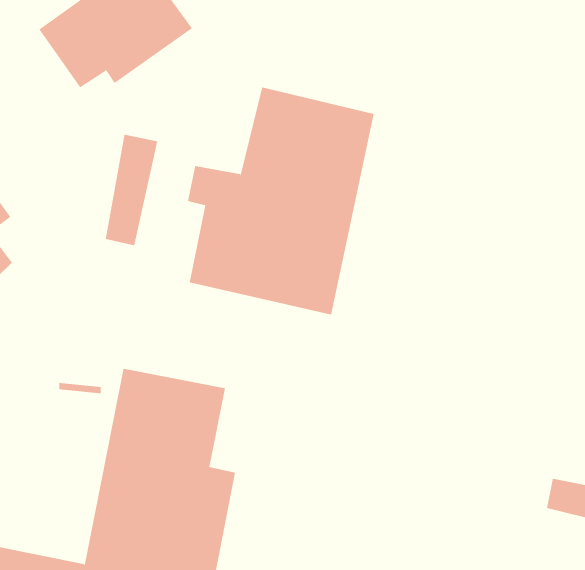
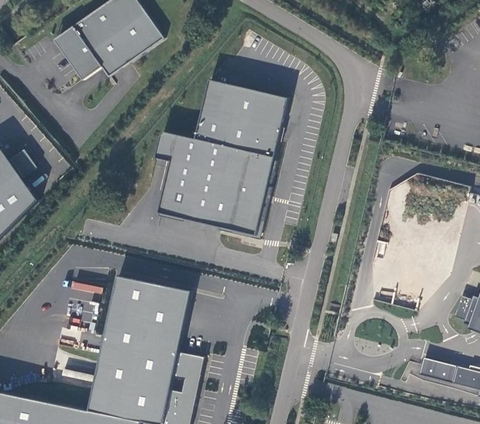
building: [105,134,158,246] -> none

